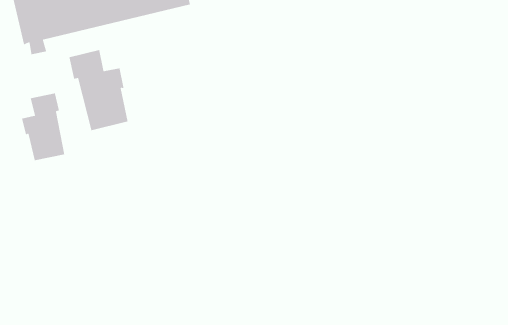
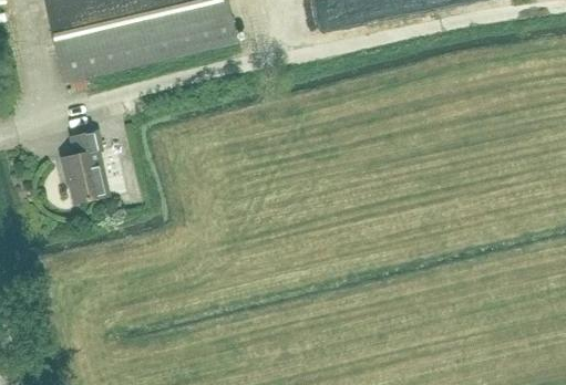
building: [69,49,129,131] -> none

